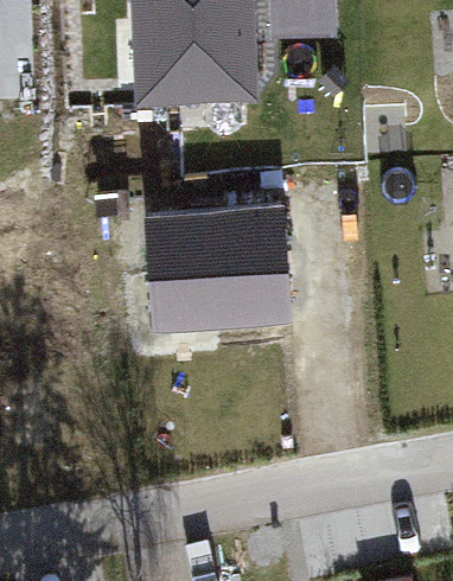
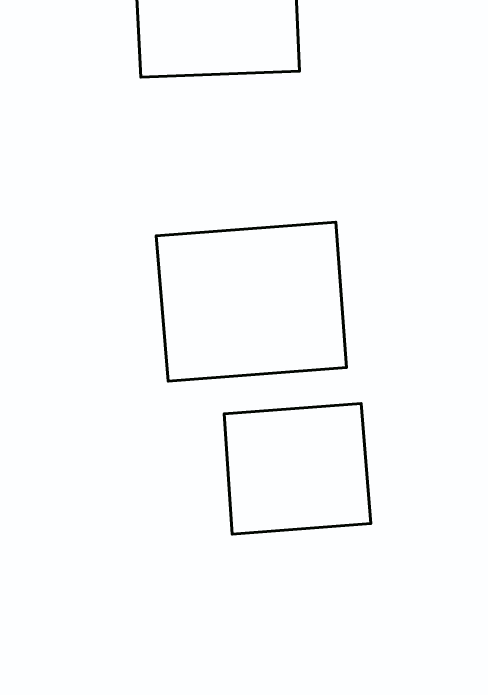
building: none -> [224,403,371,534]

